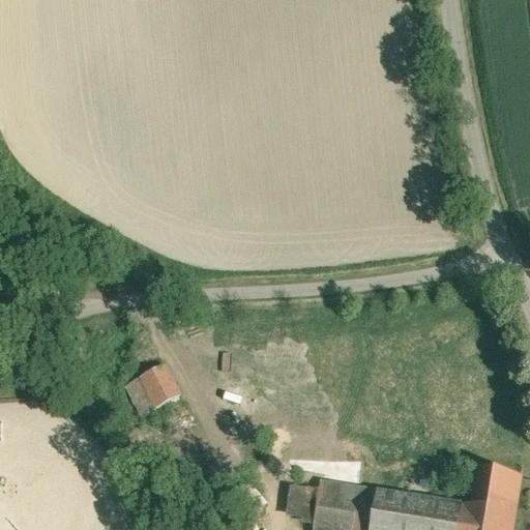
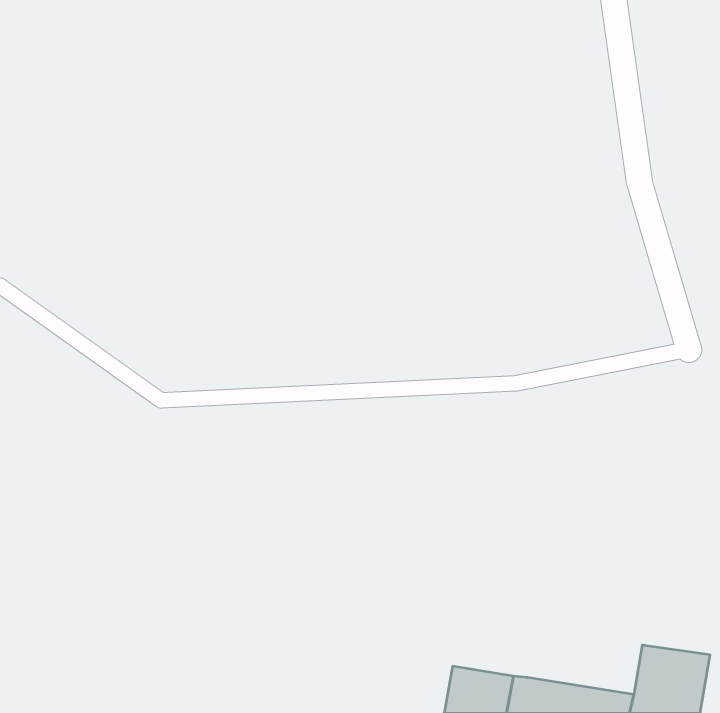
building: [122,369,176,419] -> none
building: [286,483,315,516] -> none

